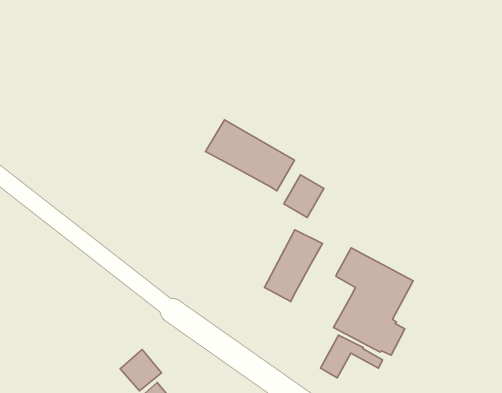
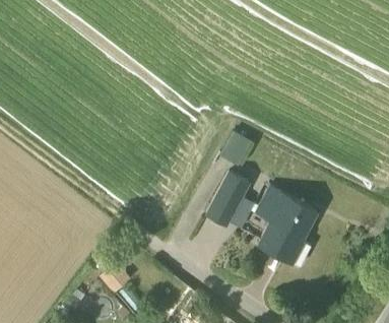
building: [205,120,294,191] -> none
building: [321,335,383,378] -> [229,198,274,230]

